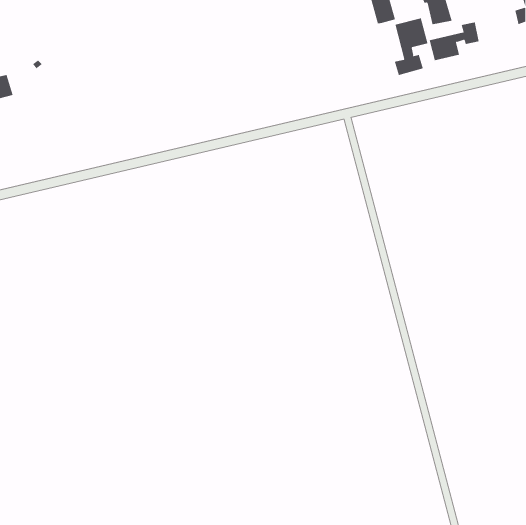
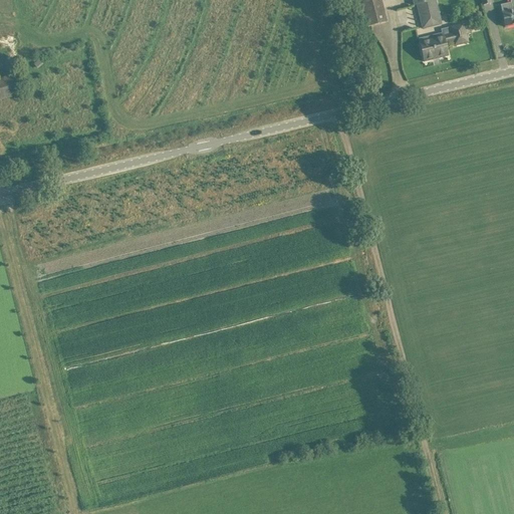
building: [394,18,428,76] -> none

